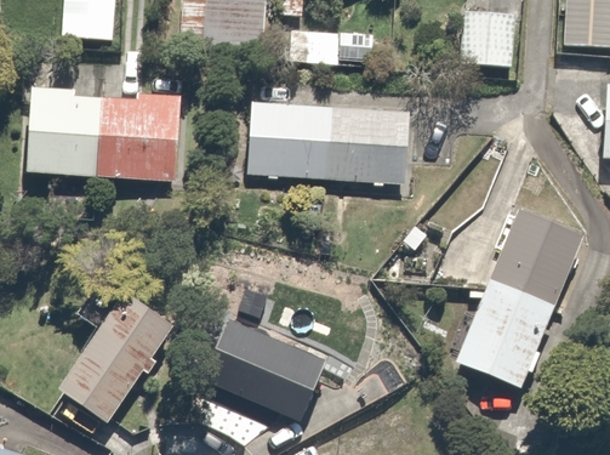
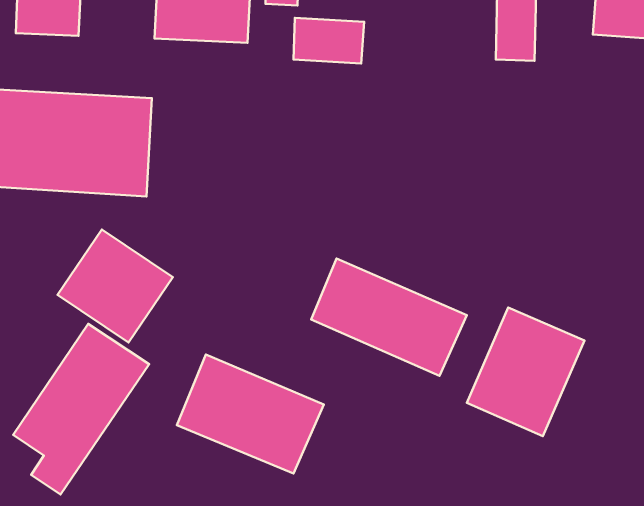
building: [246,99,412,186] -> none
building: [489,207,585,307] -> none
building: none -> [58,229,173,343]
building: none -> [311,258,467,376]

